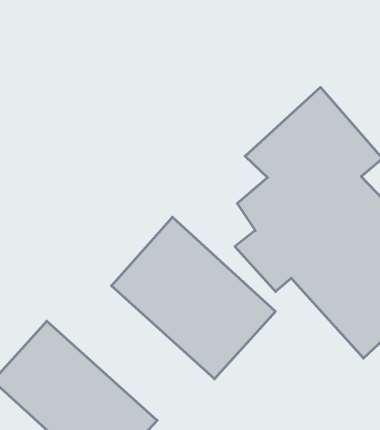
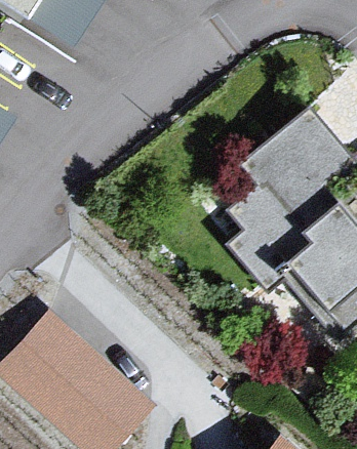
building: [111,217,275,379] -> none

